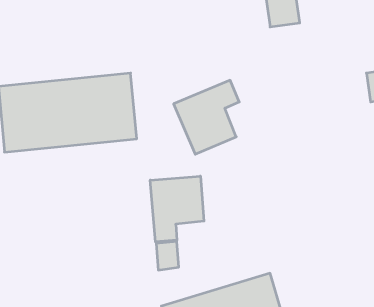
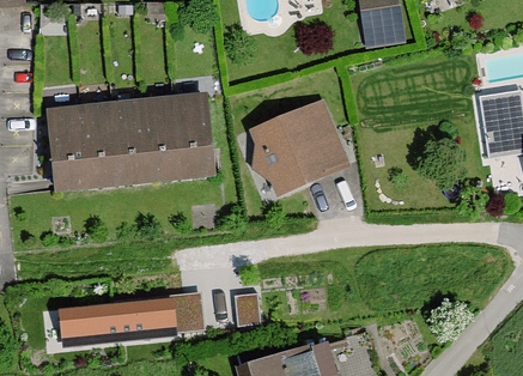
building: [150,176,204,242] -> none
building: none -> [60,298,187,341]

